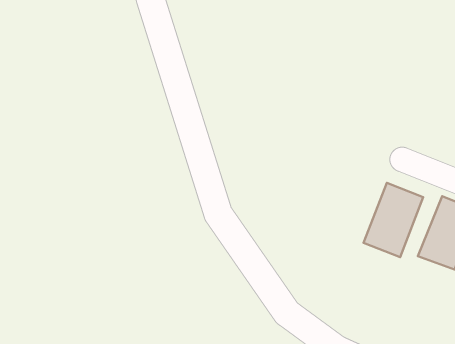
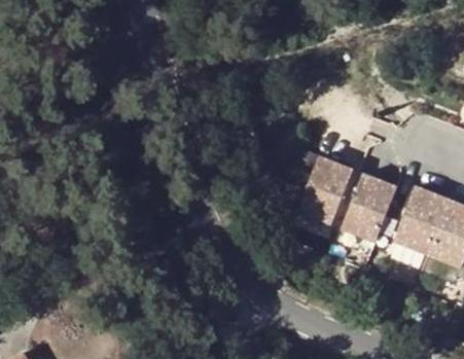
building: none -> [300,157,356,226]

